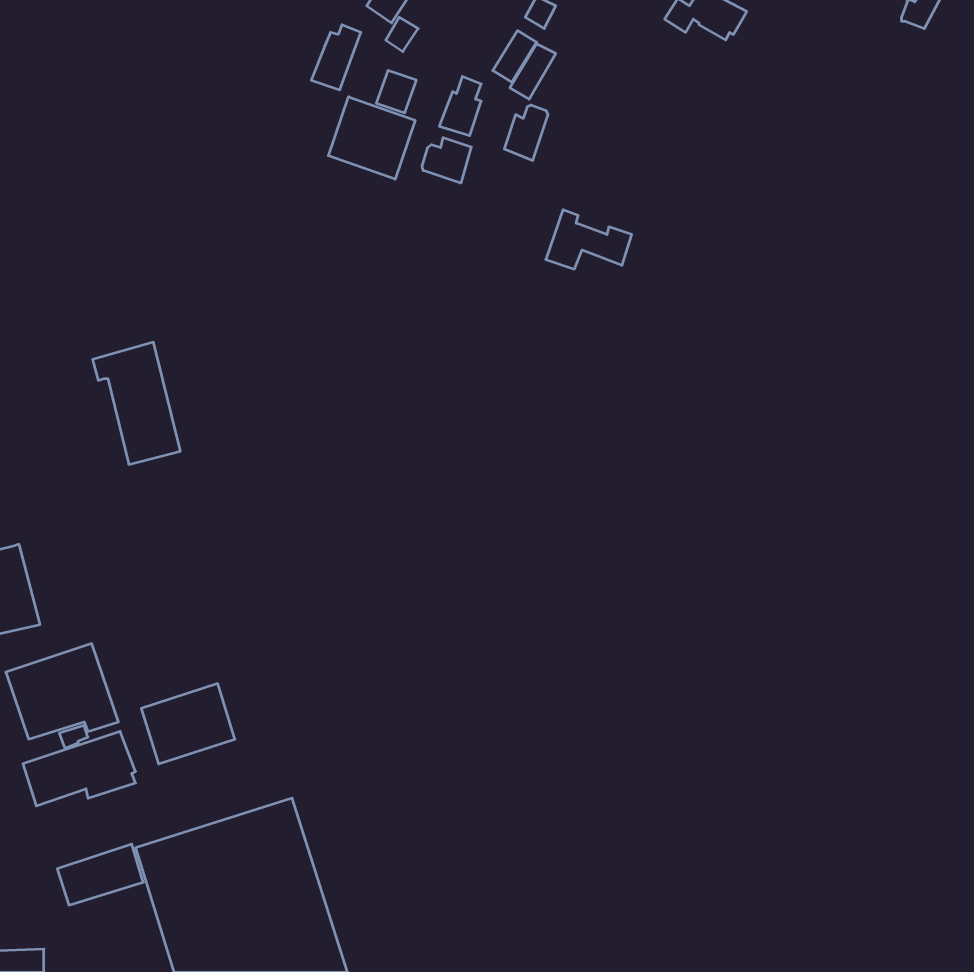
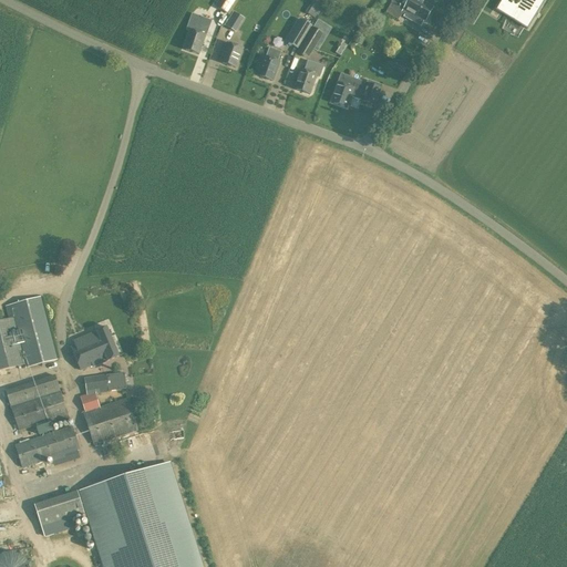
building: [328,97,415,179] -> none
building: [422,138,471,183] -> none
building: [546,210,632,269] -> [329,71,379,105]
building: [93,342,180,464] -> [4,295,55,365]
building: none -> [71,326,118,368]
building: none -> [83,372,117,394]

